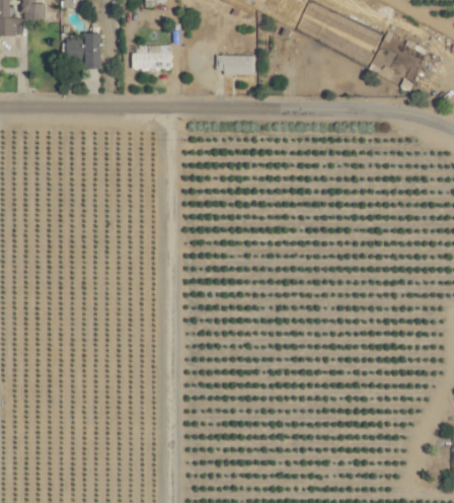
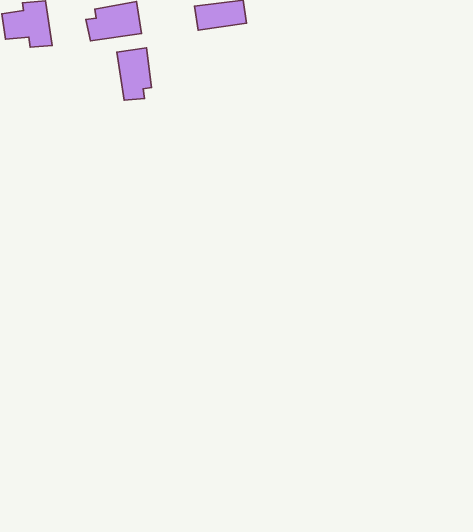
building: none -> [117,48,151,100]

